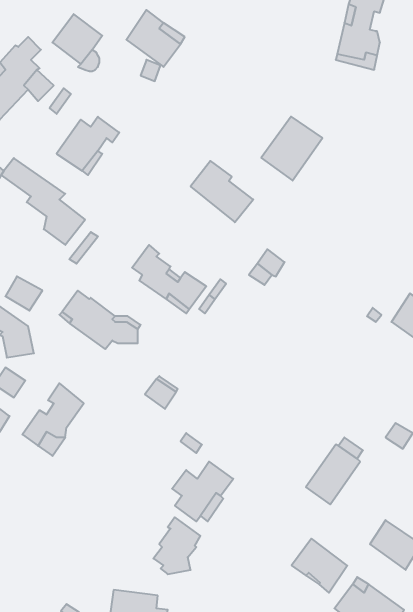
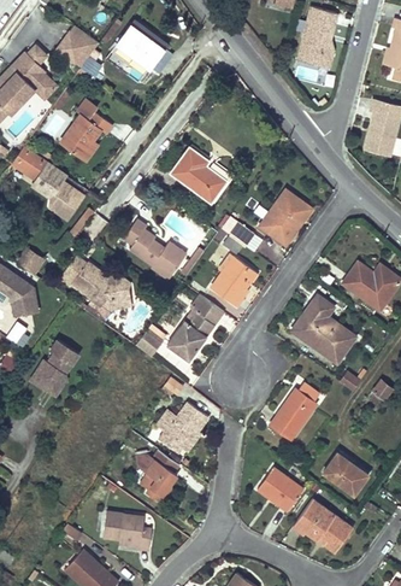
building: [261,117,322,181] -> [259,191,311,245]
building: none -> [210,253,255,306]
building: none -> [166,295,223,361]
building: none -> [294,295,354,363]

